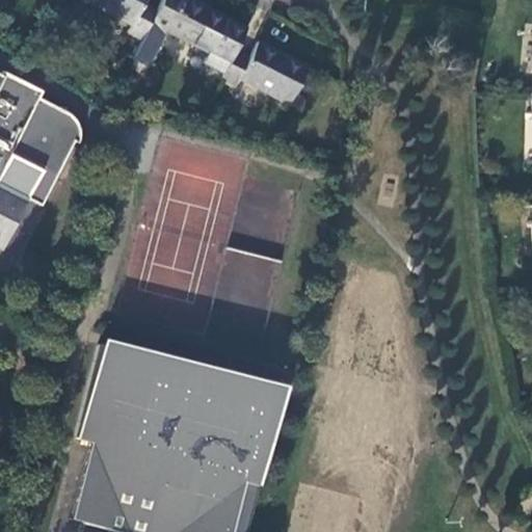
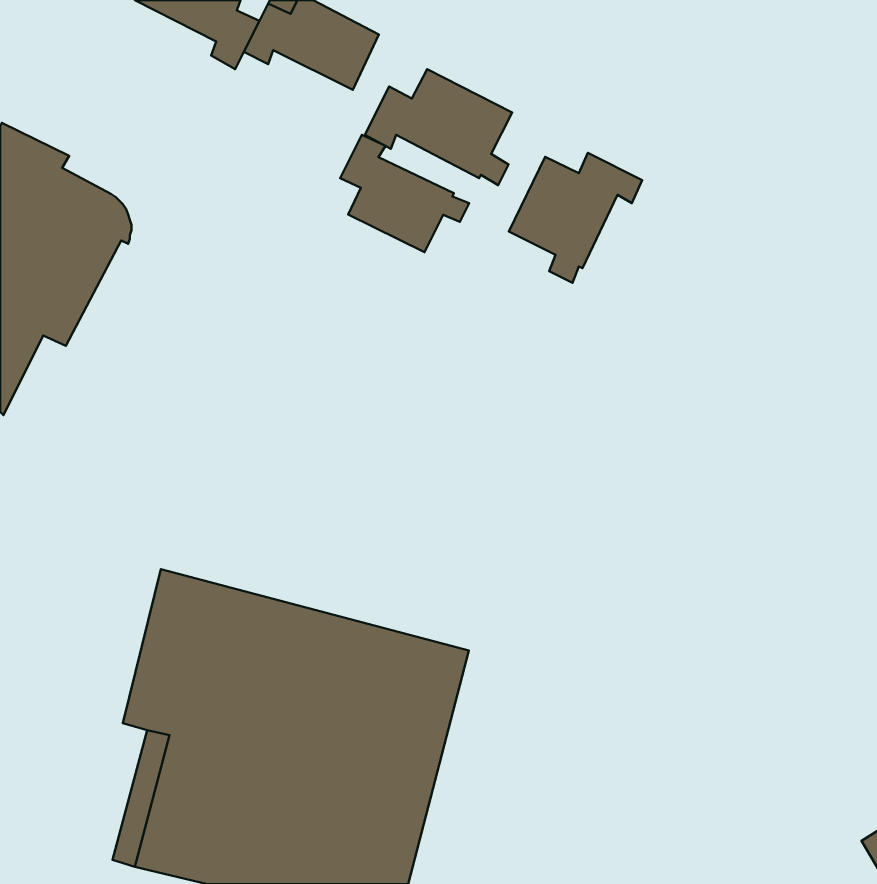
building: none -> [340,135,469,252]
building: none -> [509,153,642,283]

